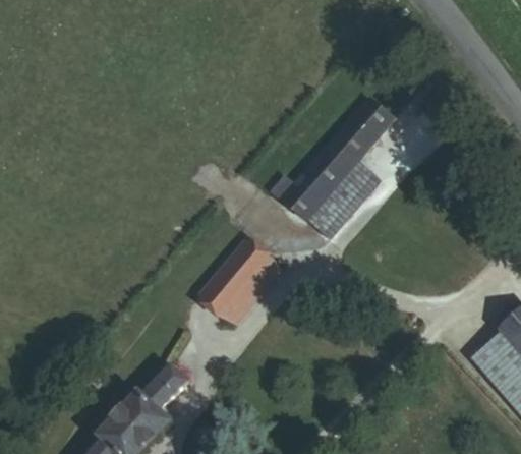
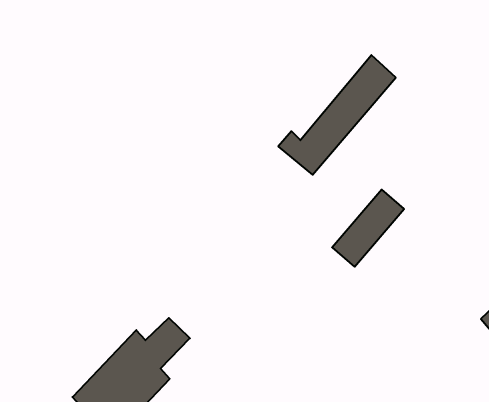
building: [317,159,390,236] -> [332,190,404,267]
building: [201,242,288,318] -> none

